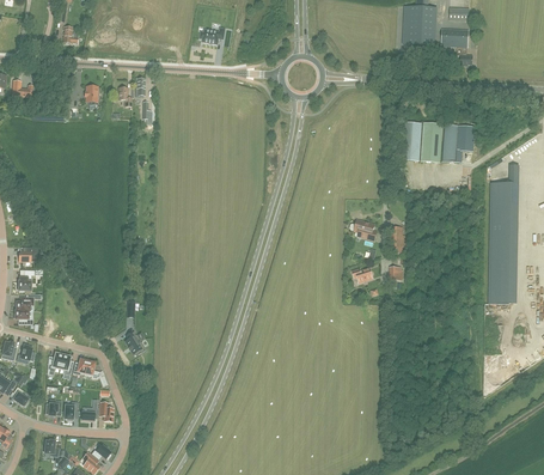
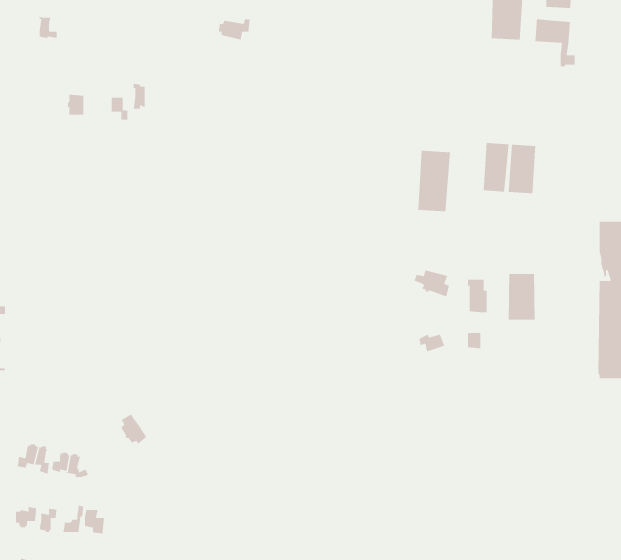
building: [441,124,473,162] -> none
building: none -> [418,150,451,212]
building: none -> [508,273,536,320]

